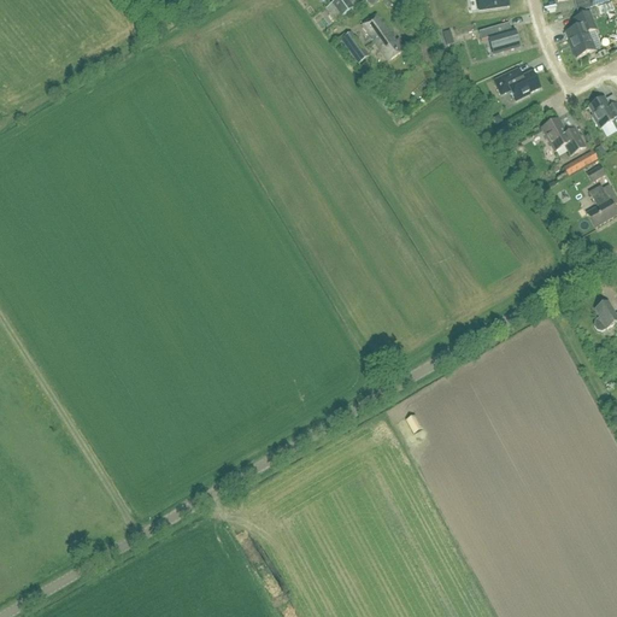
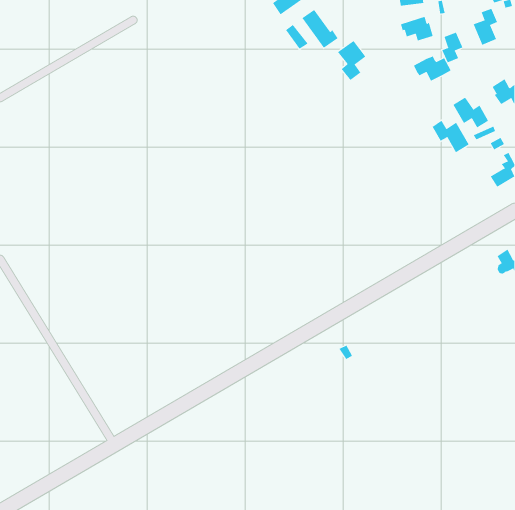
building: none -> [442,32,463,63]
building: none -> [337,40,366,81]
building: none -> [432,120,469,153]

